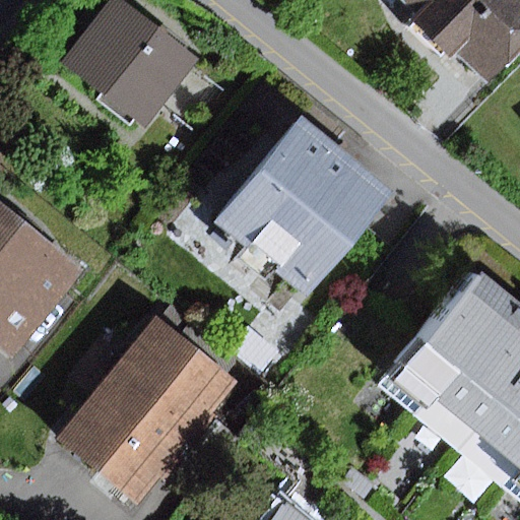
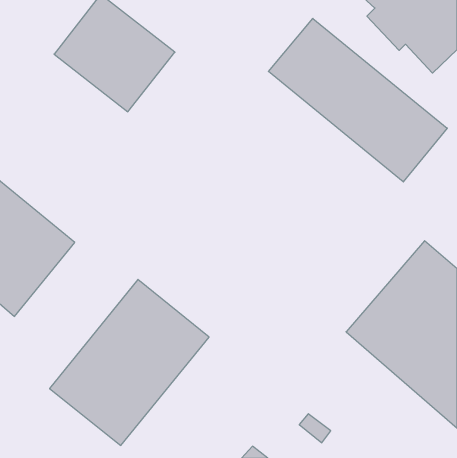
building: none -> [268,18,447,182]
building: [216,121,390,297] -> none

